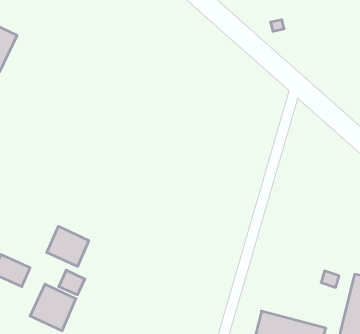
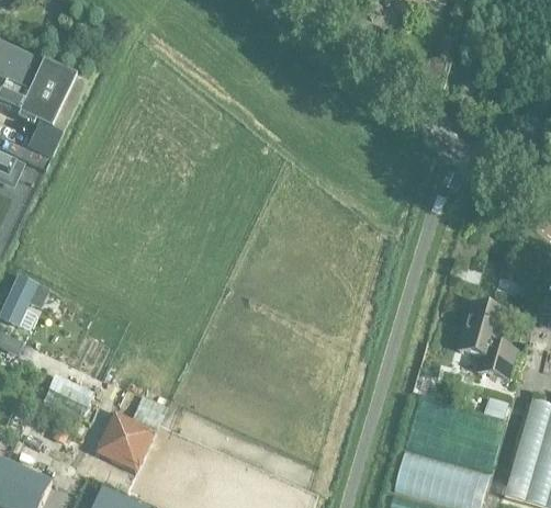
building: none -> [459,303,516,380]
building: [47,226,89,266] -> none

